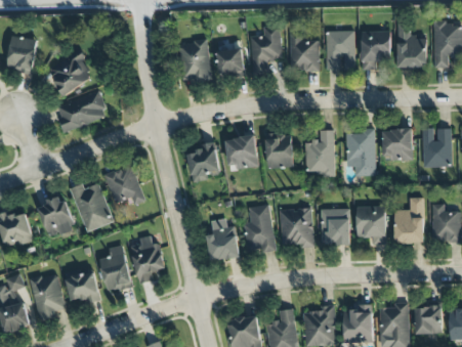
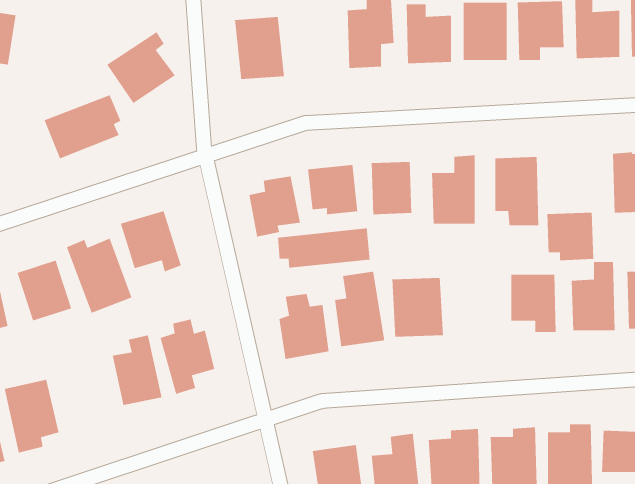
building: [47,48,92,95] -> [106,31,176,104]
building: [218,48,245,78] -> none
building: [382,128,413,160] -> [546,212,594,261]
building: none -> [277,228,371,268]
building: [322,208,350,245] -> none
building: [66,269,100,303] -> none

